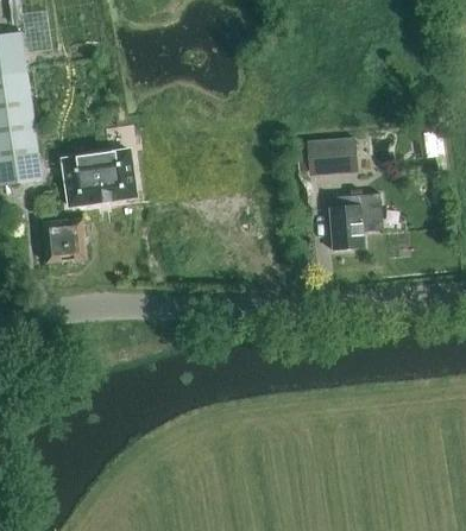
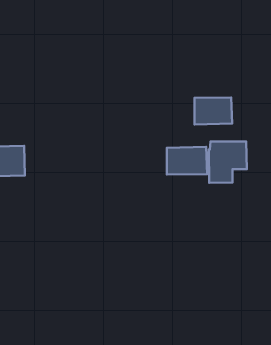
building: [61,150,134,206] -> none
building: none -> [167,147,207,174]

